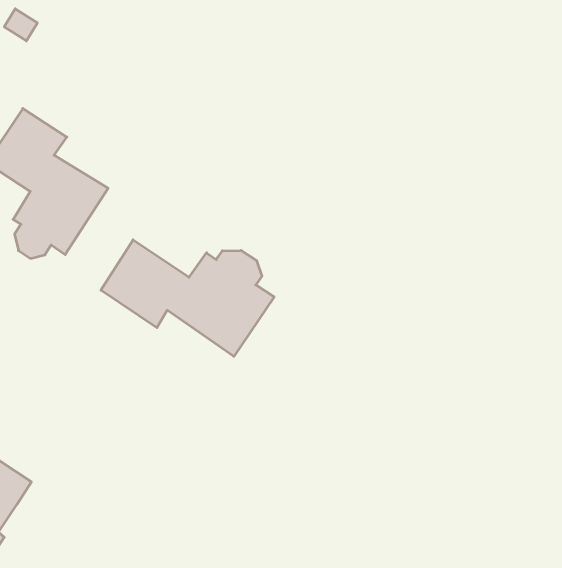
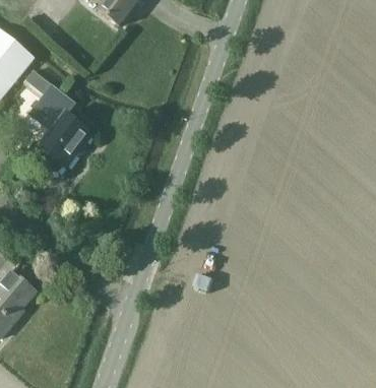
building: [101,240,274,356] -> none

